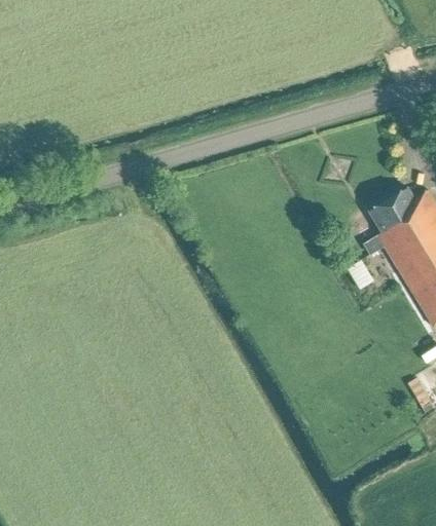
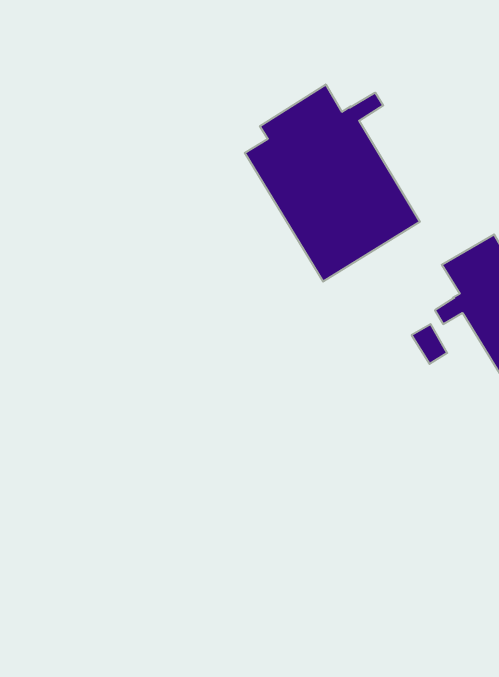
building: none -> [245,84,420,282]

